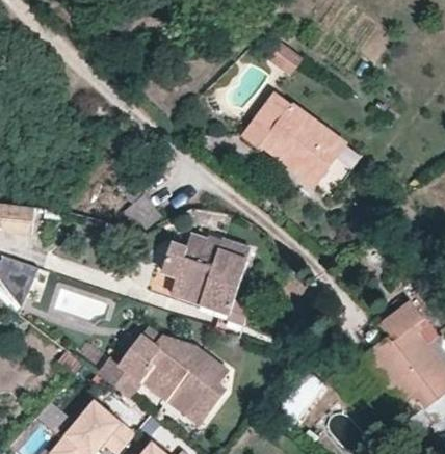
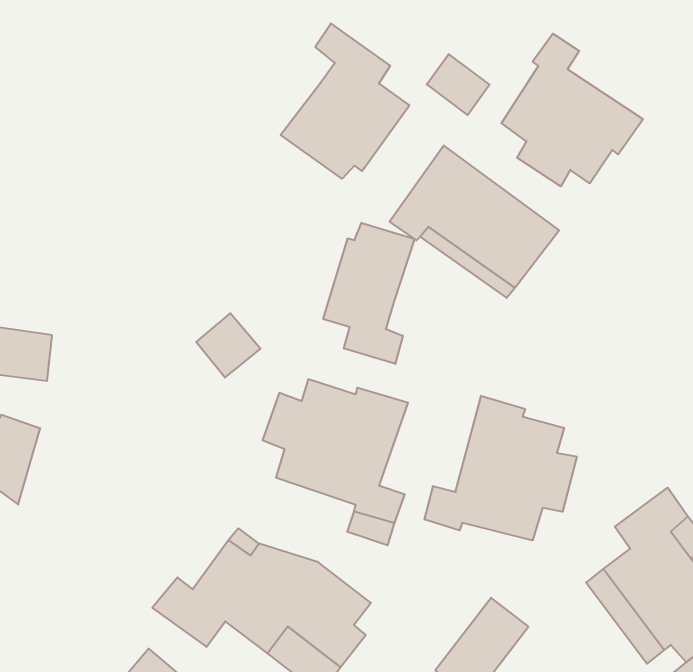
building: none -> [281,23,409,179]
building: none -> [501,34,643,186]
building: none -> [323,223,415,364]
building: none -> [425,396,577,540]

